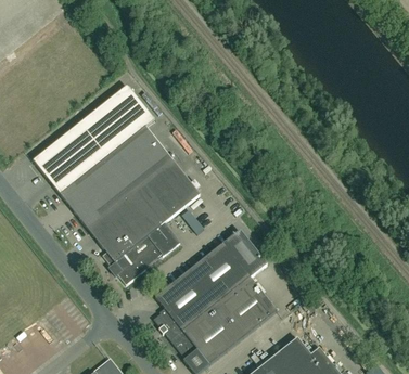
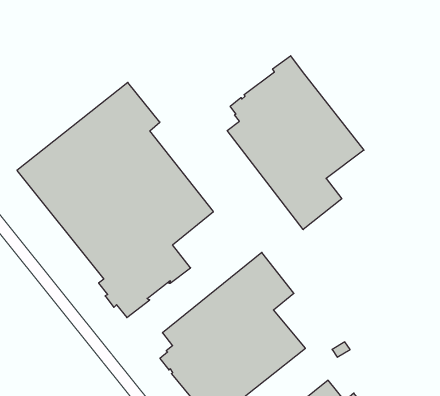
building: none -> [227,56,364,230]

